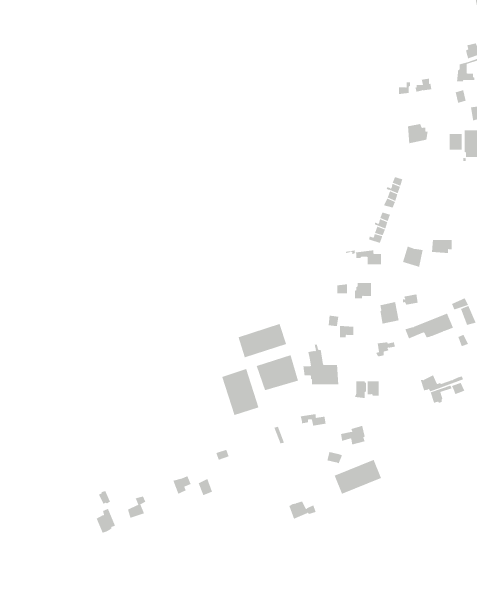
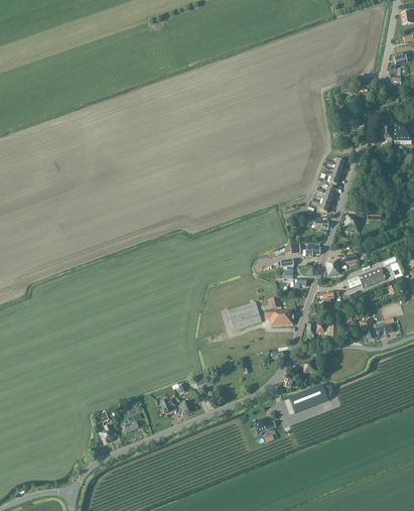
building: [238,323,287,358] -> none
building: [222,368,259,416] -> none

